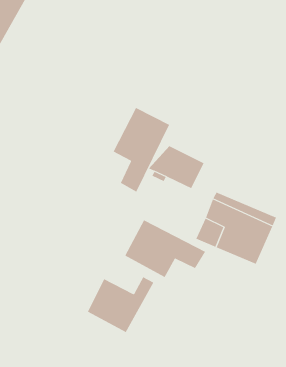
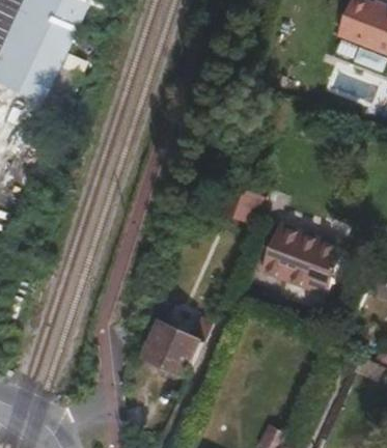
building: [113,107,170,193] -> none
building: [125,220,206,278] -> none

